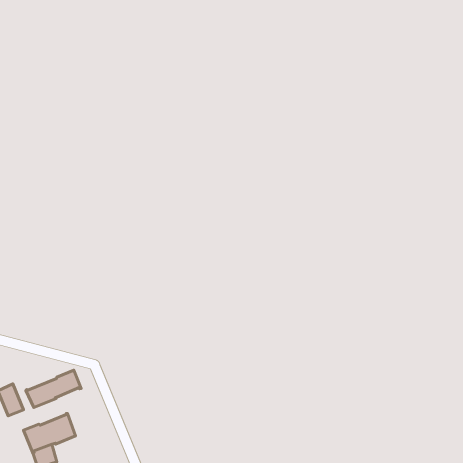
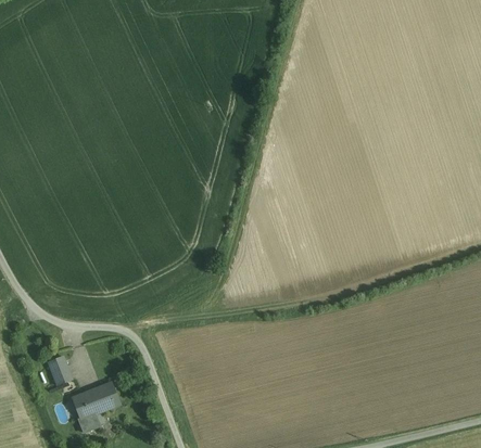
building: [26,370,81,407] -> none

